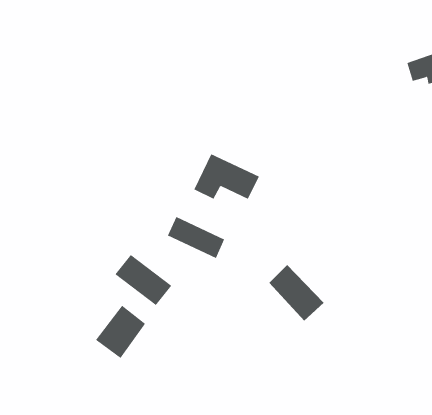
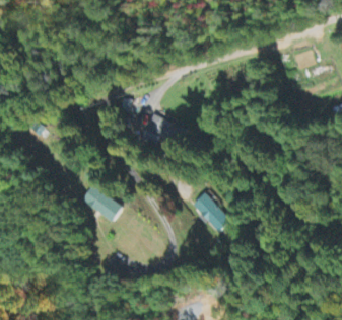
building: [167,216,225,259] -> none
building: [95,305,146,359] -> none

